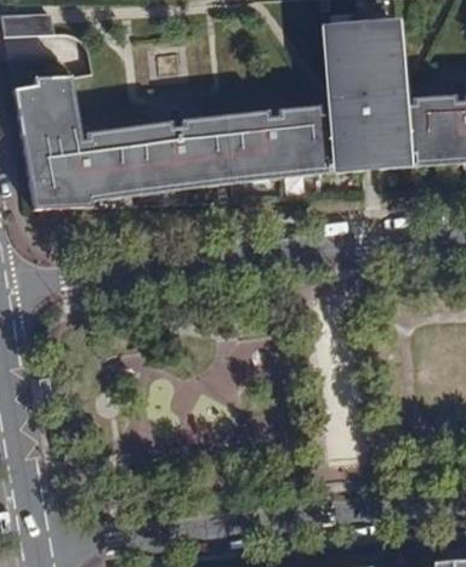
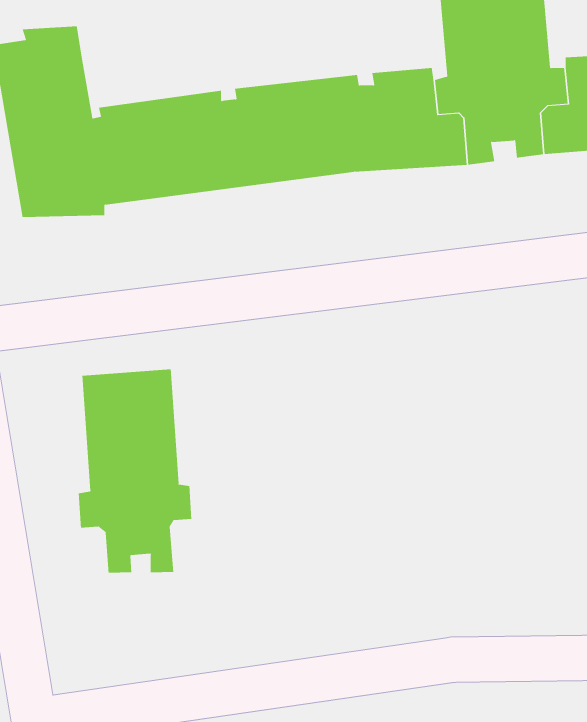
building: none -> [78,369,192,574]

